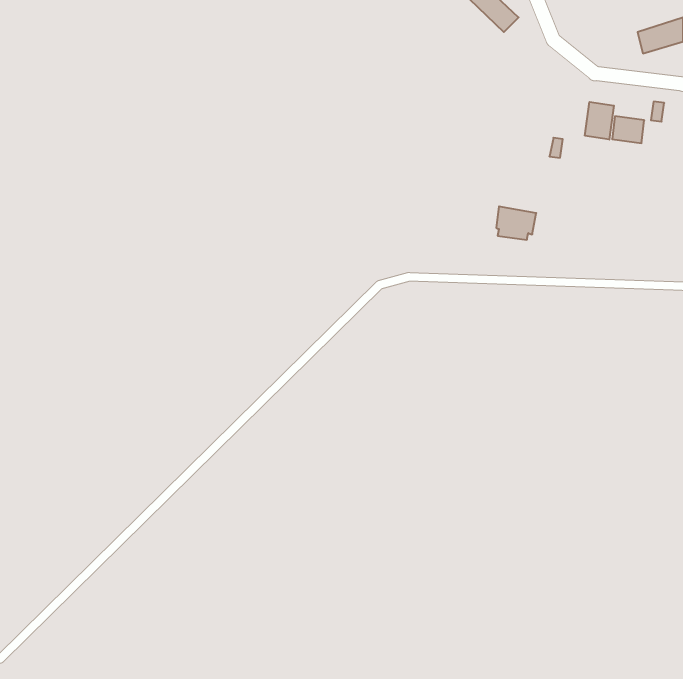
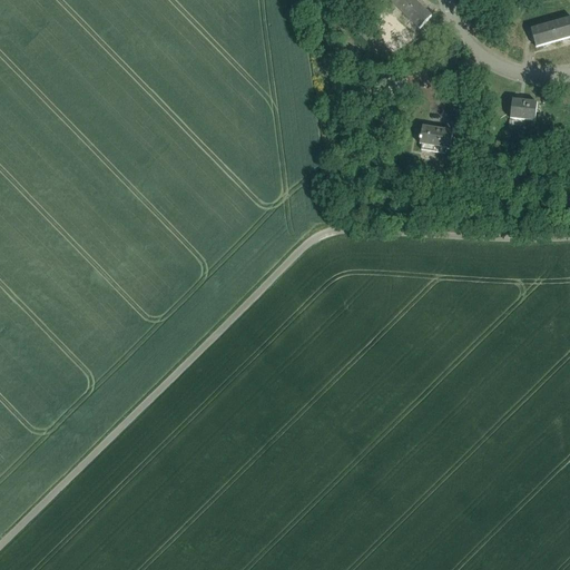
building: [585,102,614,140] -> none
building: [496,206,536,240] -> [420,124,453,151]

